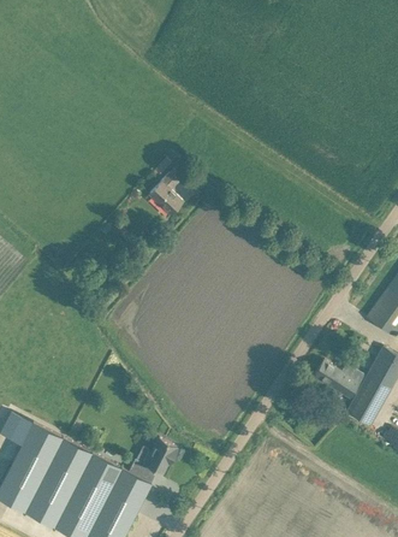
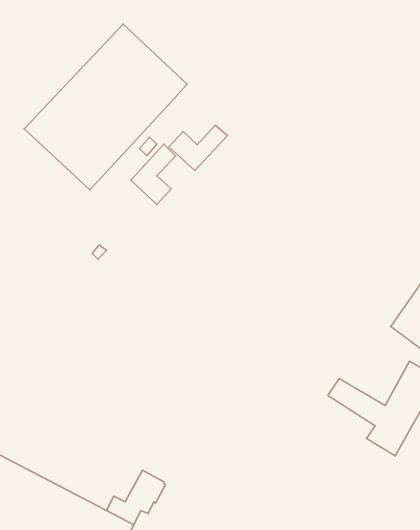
building: none -> [24,24,187,190]
building: none -> [169,125,227,170]

